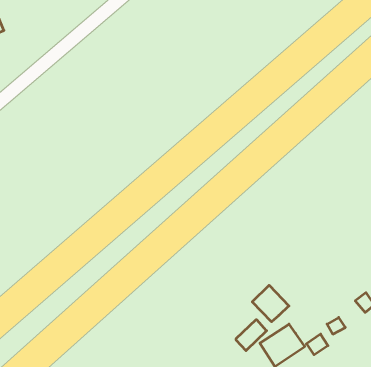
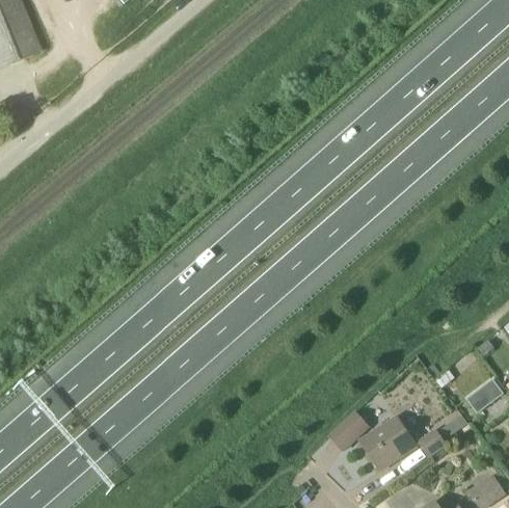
building: [252,285,289,322] -> none

